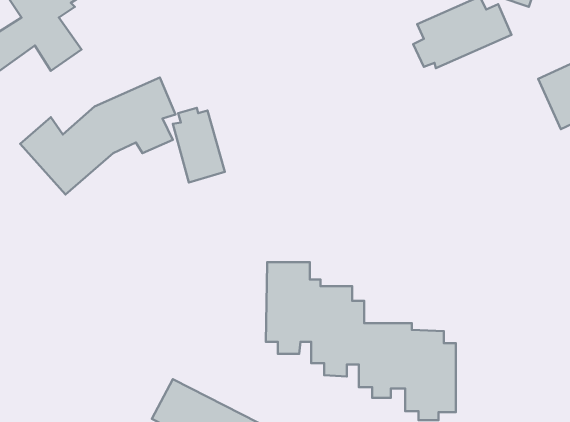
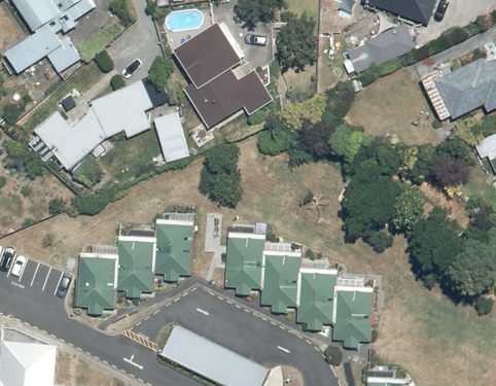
building: none -> [176,24,274,129]
building: none -> [73,209,191,312]

